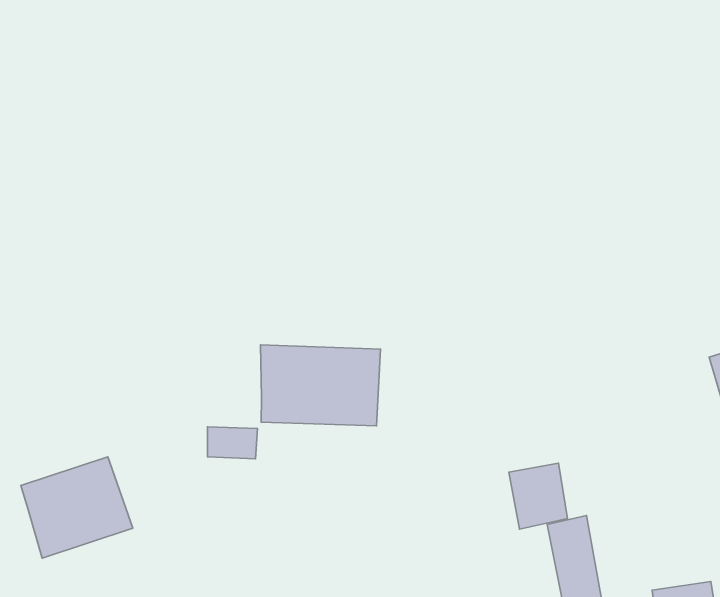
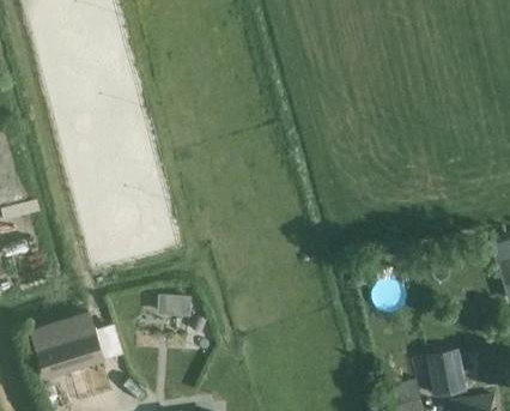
building: [260,345,381,426] -> none
building: [509,463,567,529] -> [426,352,466,397]

